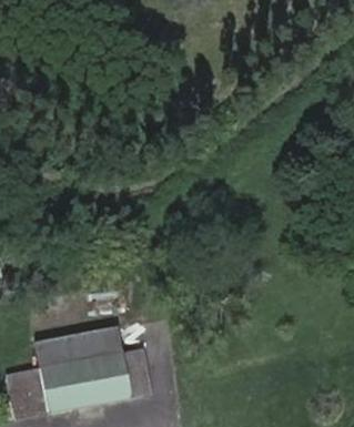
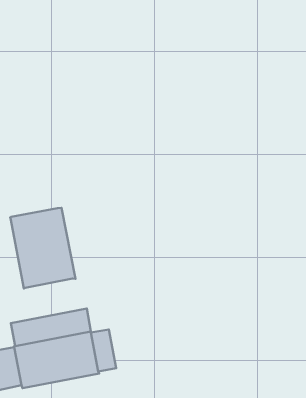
building: none -> [10,208,75,288]

